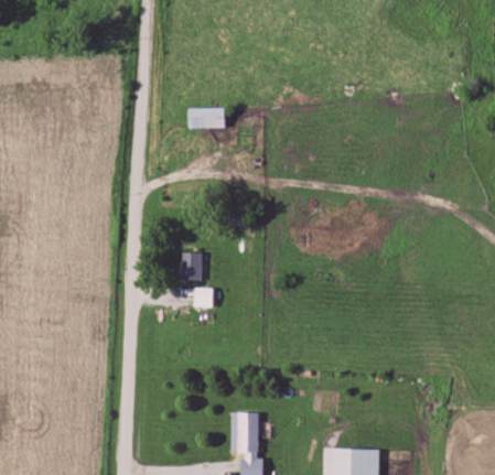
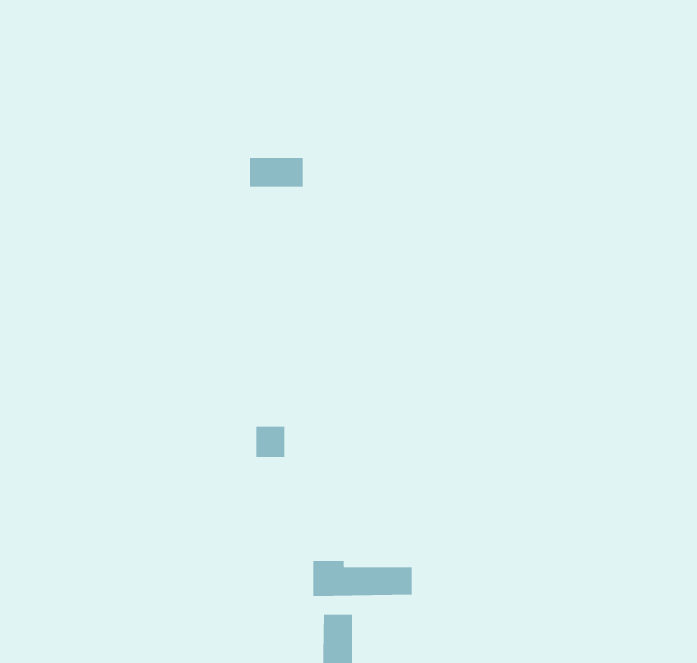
building: [179,252,200,280] -> none
building: none -> [313,560,412,597]

